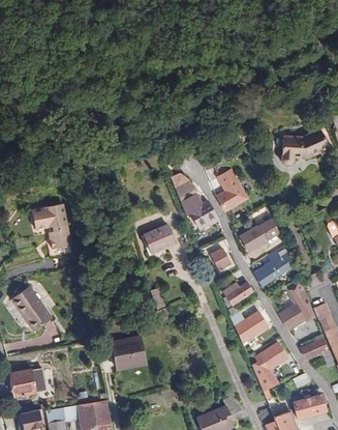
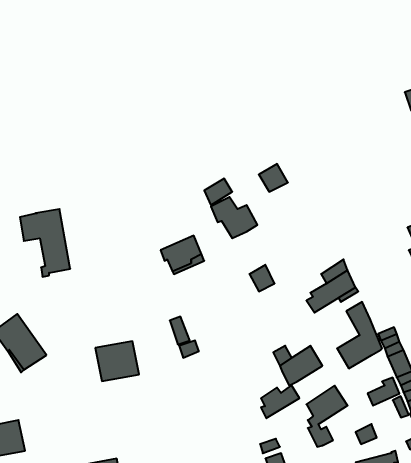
building: [281,130,329,166] -> none
building: [217,187,244,212] -> none
building: [240,219,278,251] -> none
building: [223,281,253,307] -> [261,385,299,418]
building: [112,337,146,368] -> [95,341,139,381]

